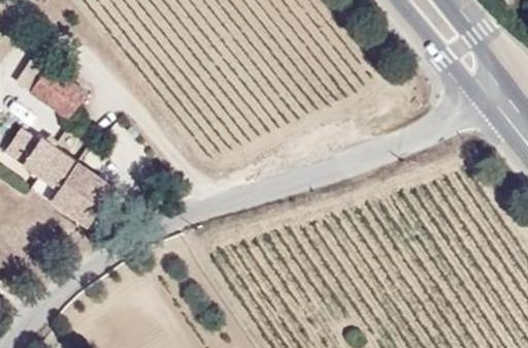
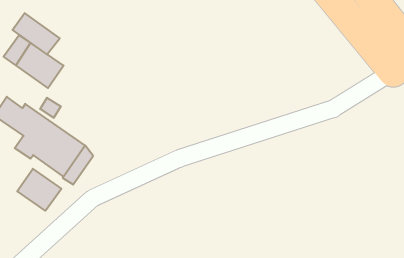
building: none -> [13,13,60,54]
building: none -> [17,169,61,211]

